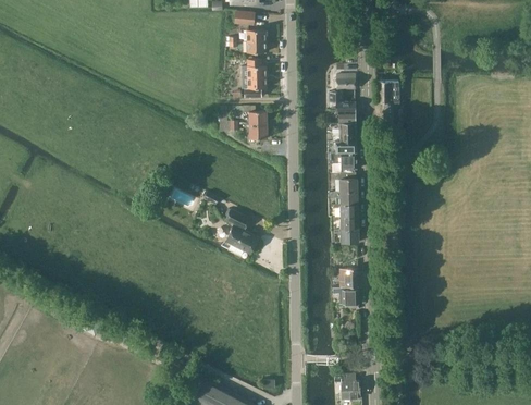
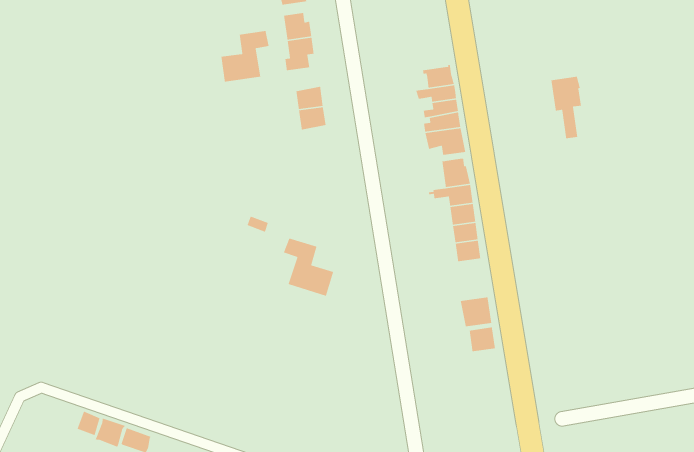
building: none -> [221,30,270,83]
building: [329,75,356,102] -> none
building: [380,82,399,123] -> [551,76,582,139]

